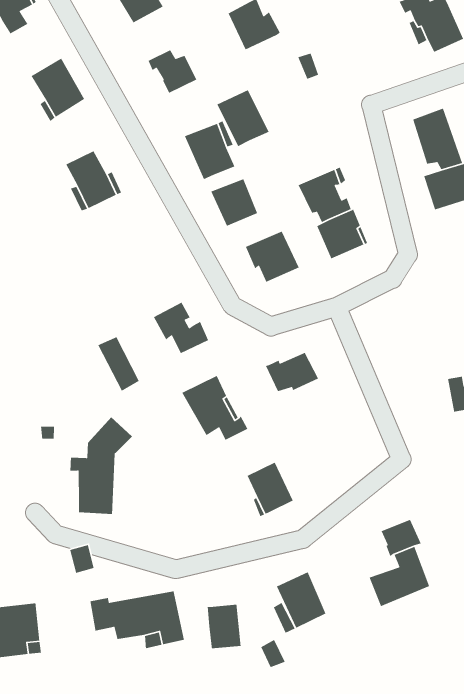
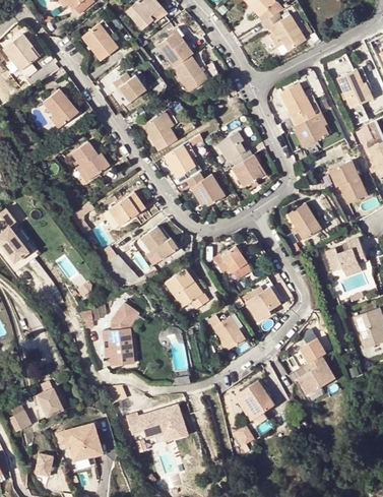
building: [216,89,270,147] -> [172,54,207,90]
building: none -> [110,191,145,225]
building: none -> [289,201,322,238]
building: none -> [245,286,279,321]
building: [207,604,241,649] -> none

